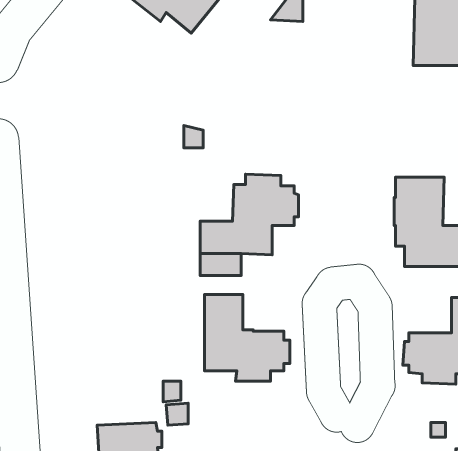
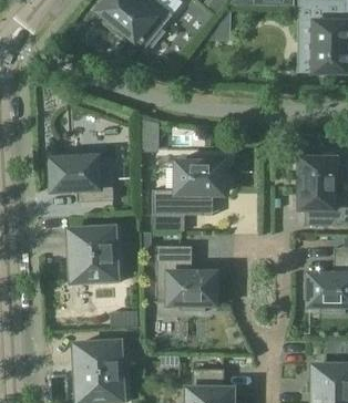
building: none -> [48,149,113,200]
building: none -> [68,227,120,282]

